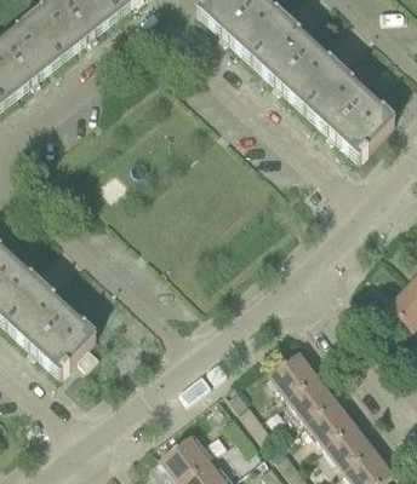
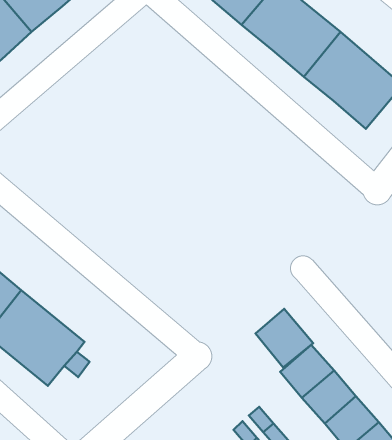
building: none -> [255,309,313,368]

